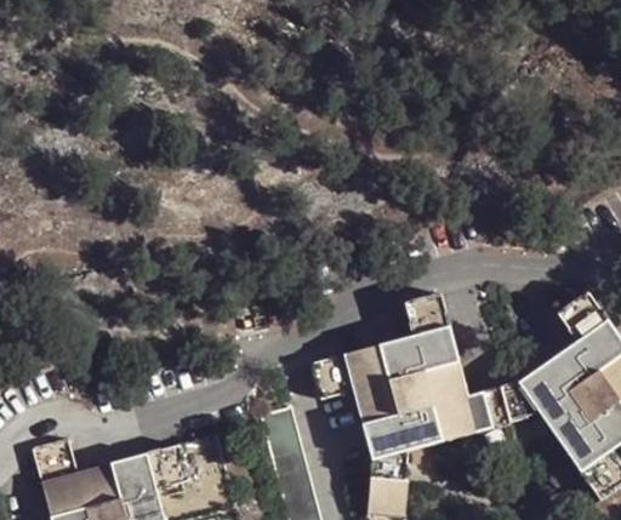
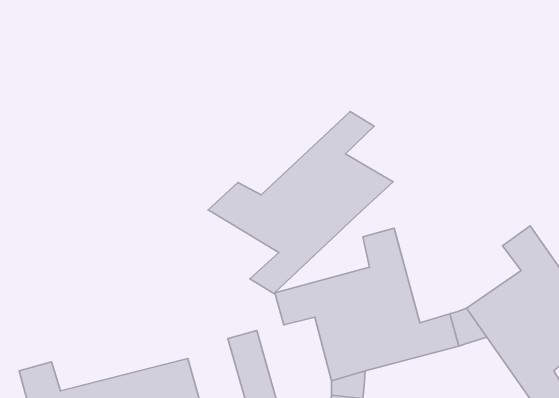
building: none -> [208,112,393,293]

